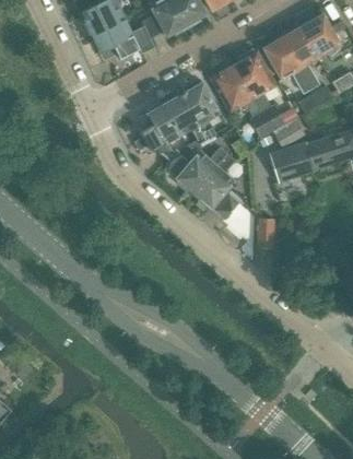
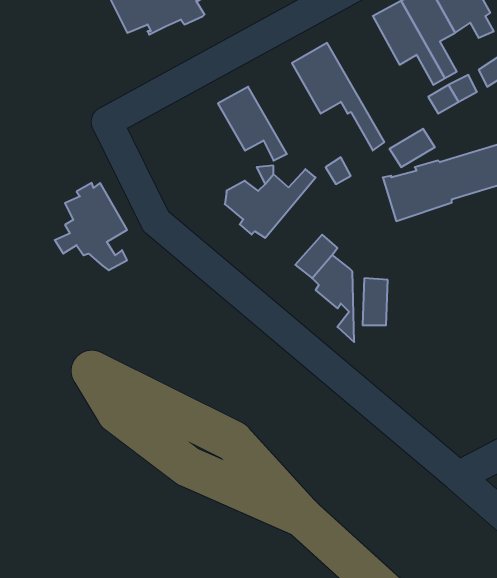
building: [235,50,284,130] -> none
building: [184,82,220,138] -> none
building: [134,105,181,162] -> [55,183,127,270]
building: [195,153,235,208] -> none

